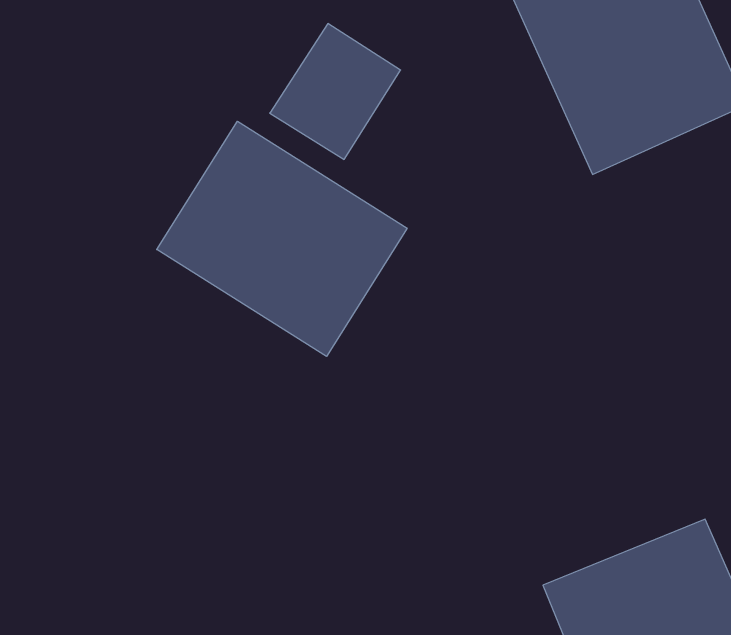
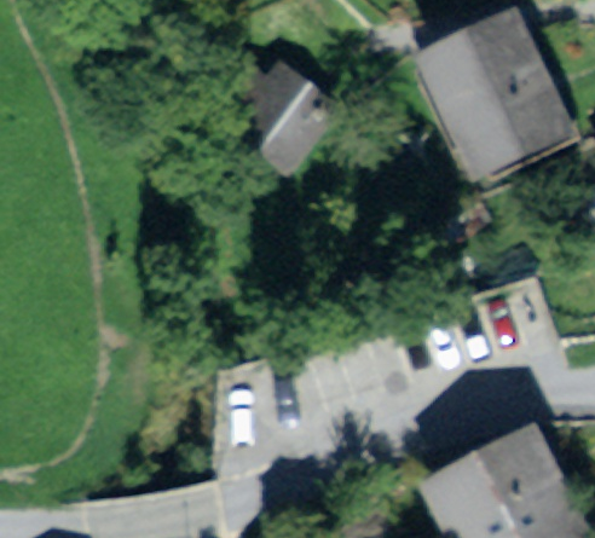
building: [157,121,407,356] -> none

